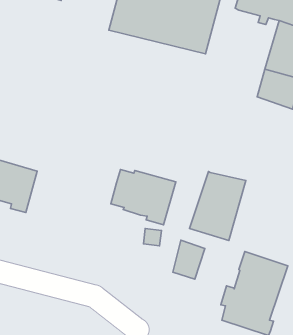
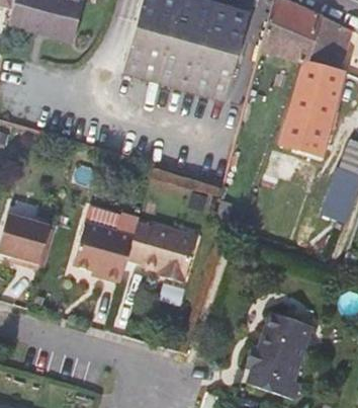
building: none -> [74,205,140,280]
building: [190,171,246,241] -> none
building: [173,240,205,279] -> none

